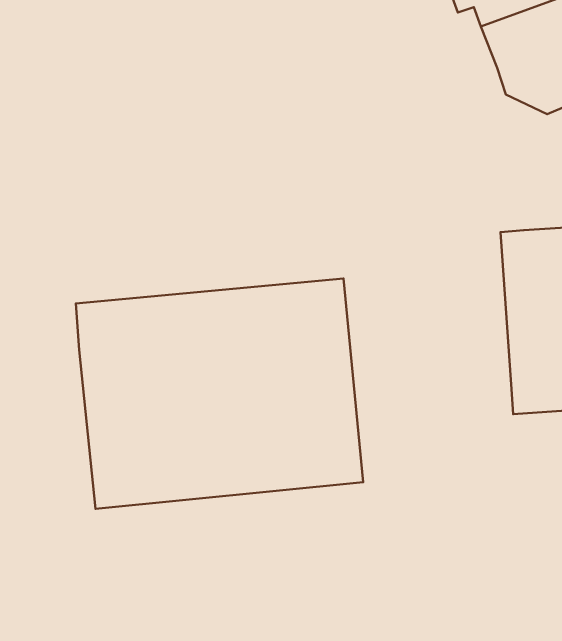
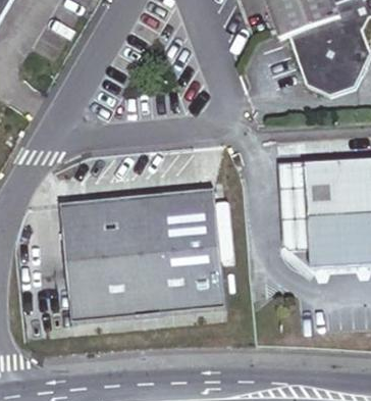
building: none -> [280,161,310,252]

